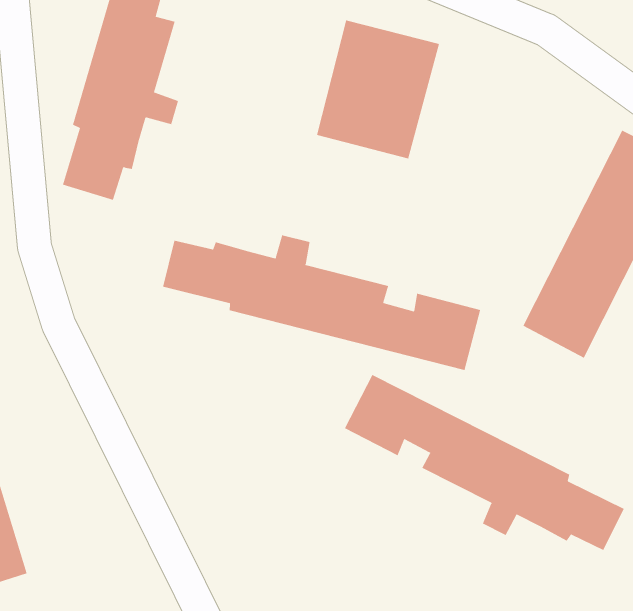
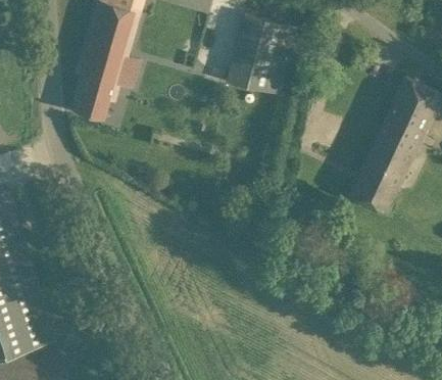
building: [163,234,481,371] -> none
building: [344,374,624,551] -> none

